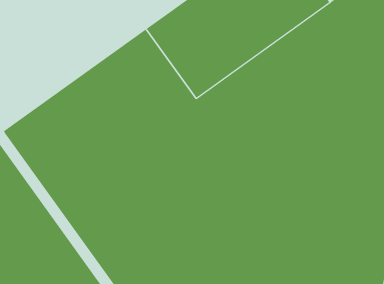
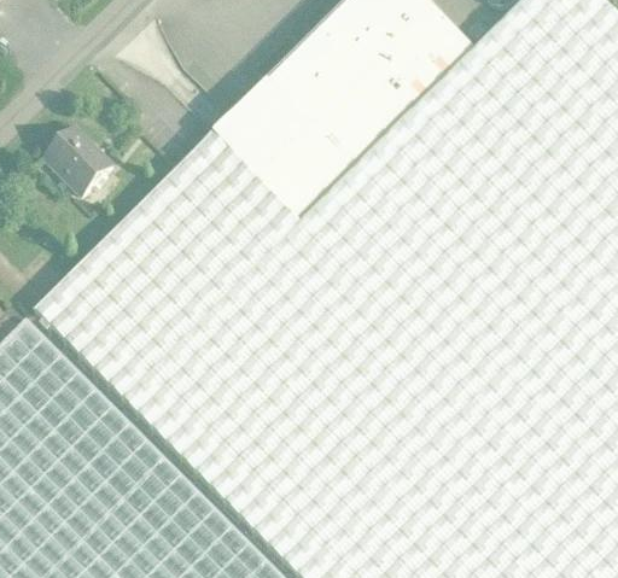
building: none -> [45,134,112,202]

